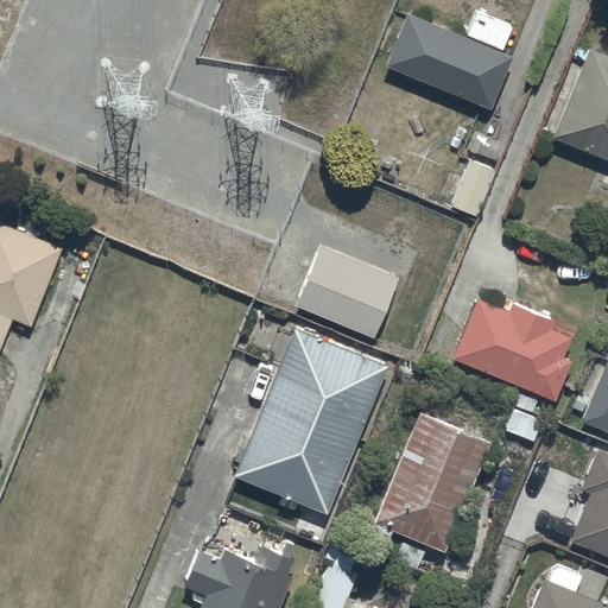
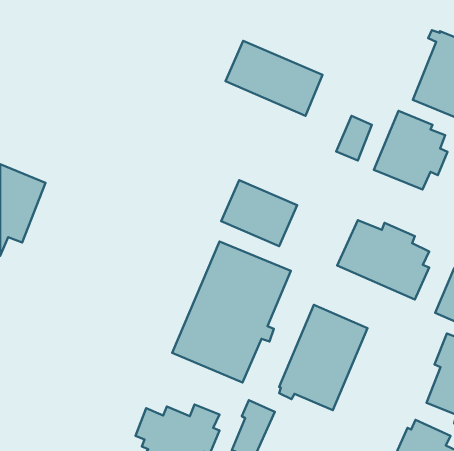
building: [385,12,514,112] -> [225,41,323,116]
building: none -> [374,111,447,190]

